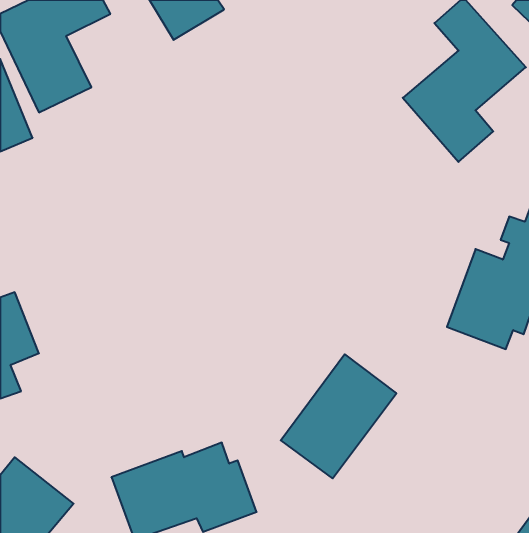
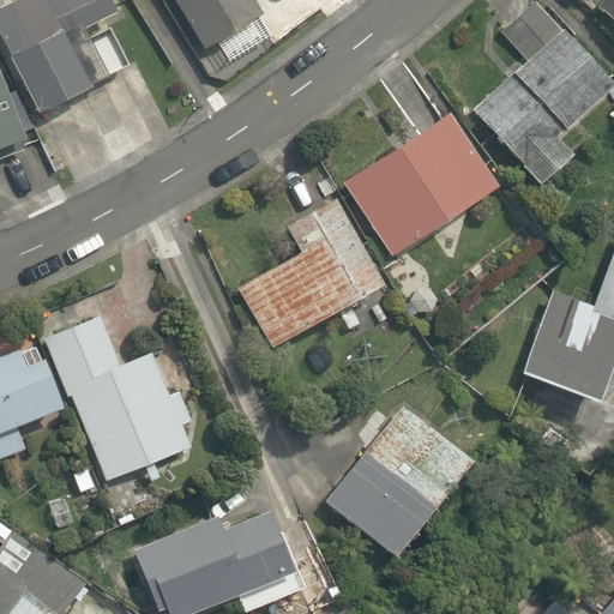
building: none -> [338,106,499,255]
building: none -> [234,197,380,349]
building: none -> [44,317,199,484]

